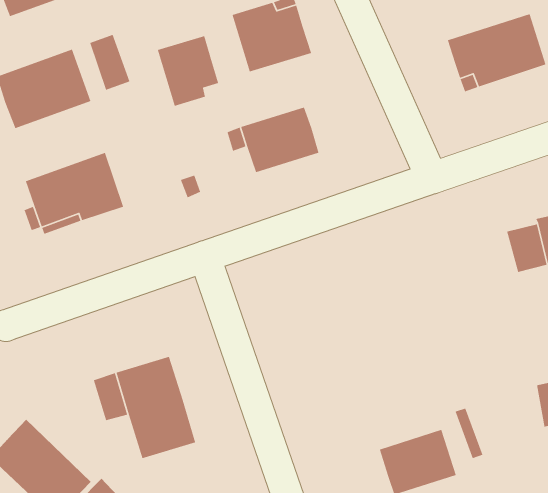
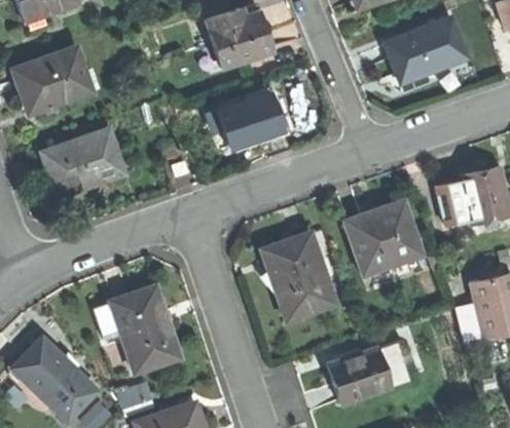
building: [89,34,130,91] -> none
building: [157,35,219,107] -> none
building: none -> [345,210,424,277]
building: none -> [264,235,336,321]

